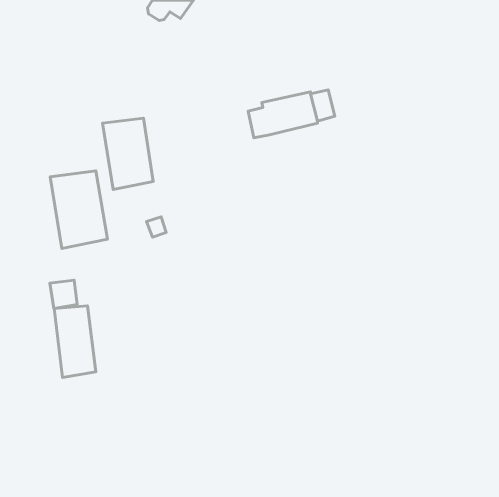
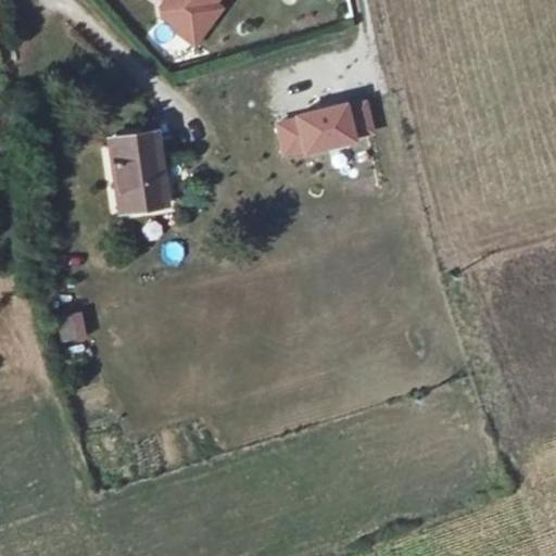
building: [50,171,107,248] -> none
building: [54,306,96,378] -> none

